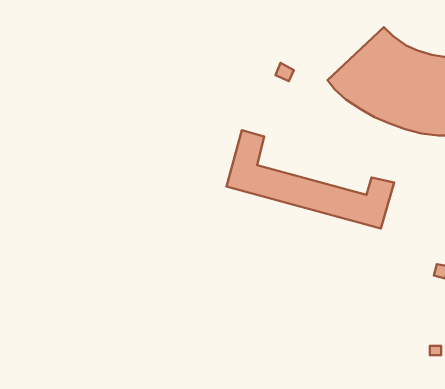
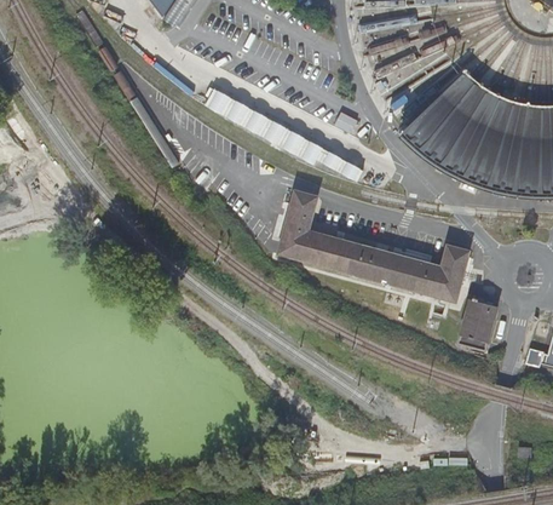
building: none -> [206,88,367,183]
building: none -> [460,300,502,346]

